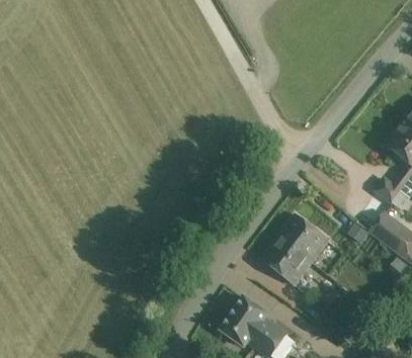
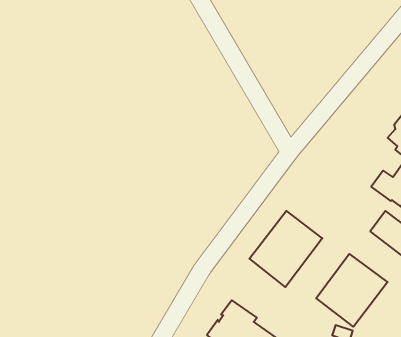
building: none -> [316,254,388,327]

